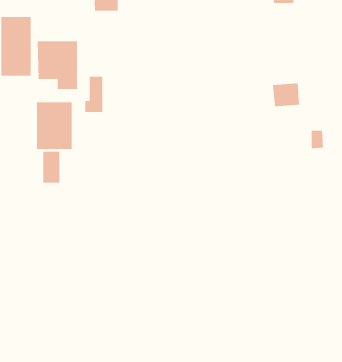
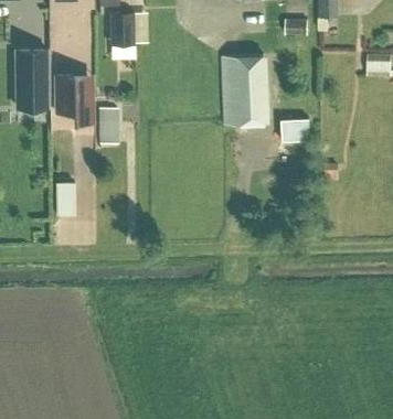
building: none -> [223,58,265,127]
building: [37,102,72,150] -> none

